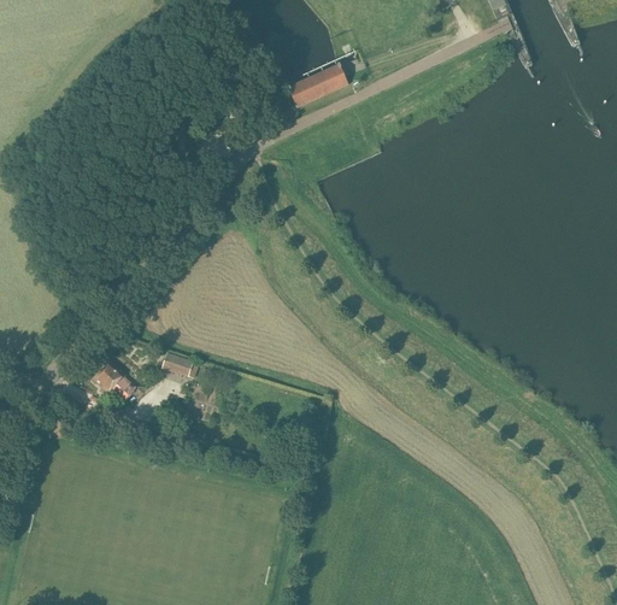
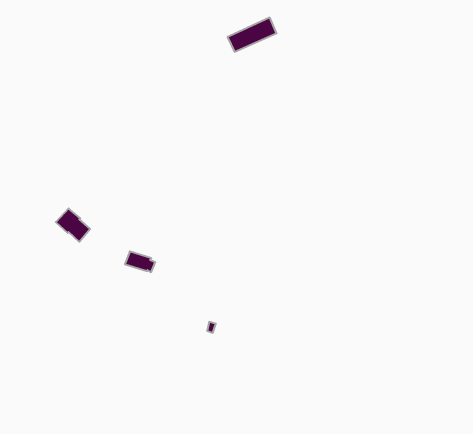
building: [93,362,135,403] -> [56,208,90,242]

